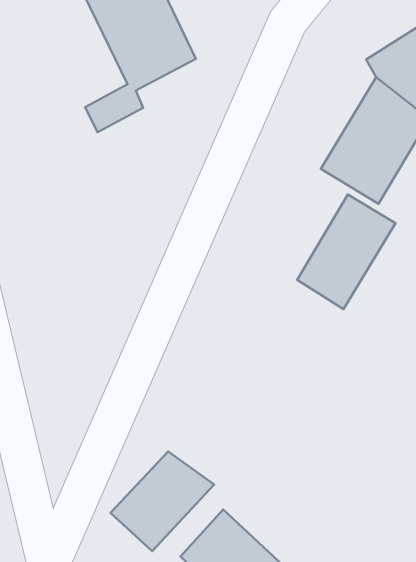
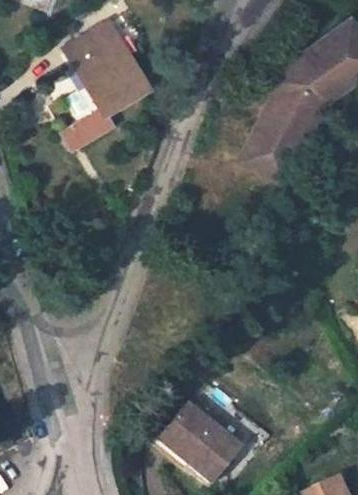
building: [297,194,396,309] -> none
building: [111,451,214,551] -> none

